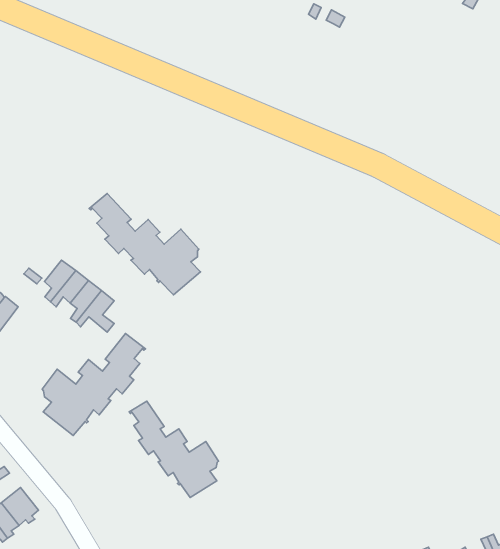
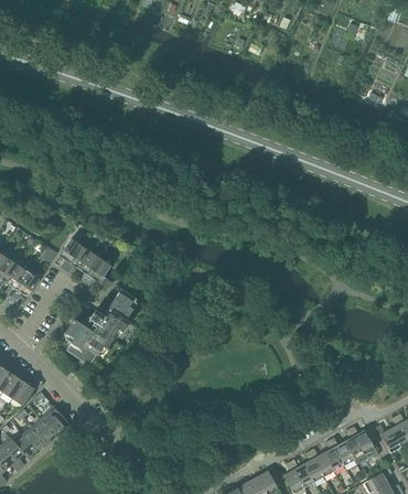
building: [89,194,201,295] -> none
building: [129,401,219,498] -> none

